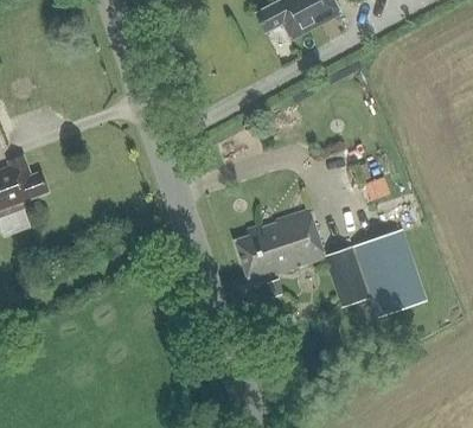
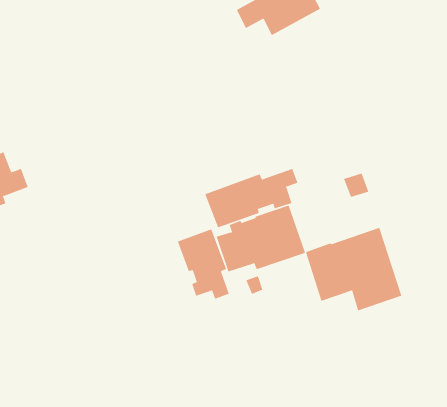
building: none -> [205,168,298,228]
building: none -> [177,228,230,300]

